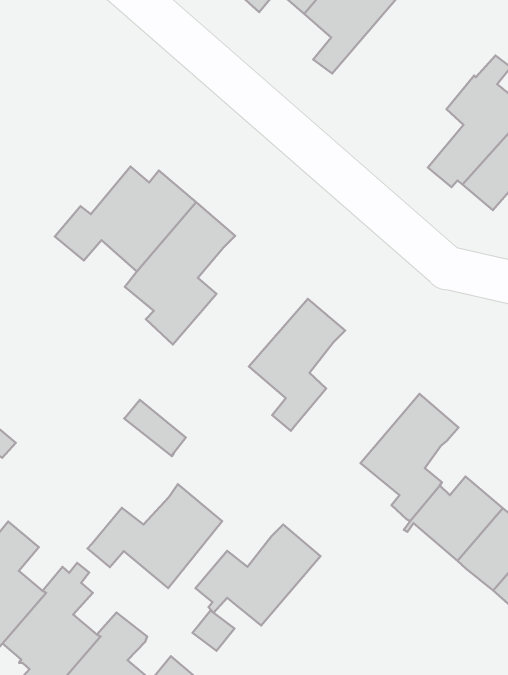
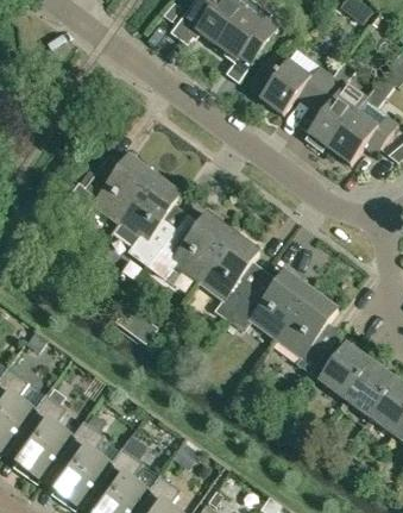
building: none -> [250,58,332,113]
building: none -> [146,211,233,279]
building: [88,484,222,588] -> none
building: [196,524,321,626] -> [231,269,311,337]

